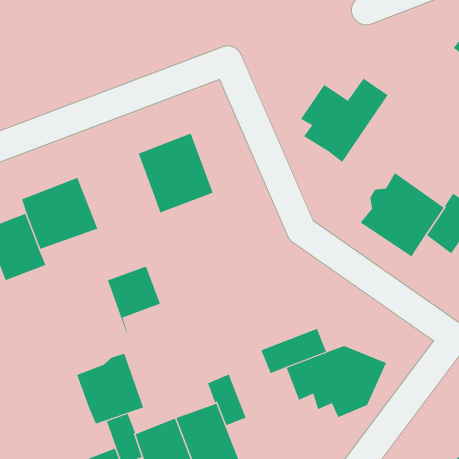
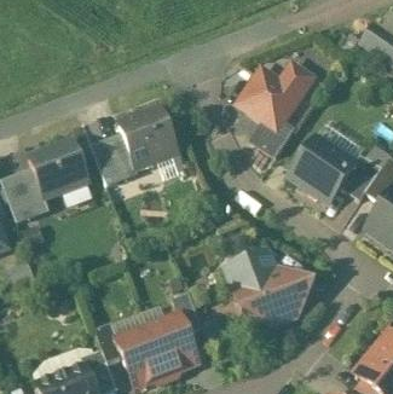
building: none -> [252,122,291,156]
building: [107,266,161,334] -> [91,133,132,185]
building: [77,353,144,425] -> none

